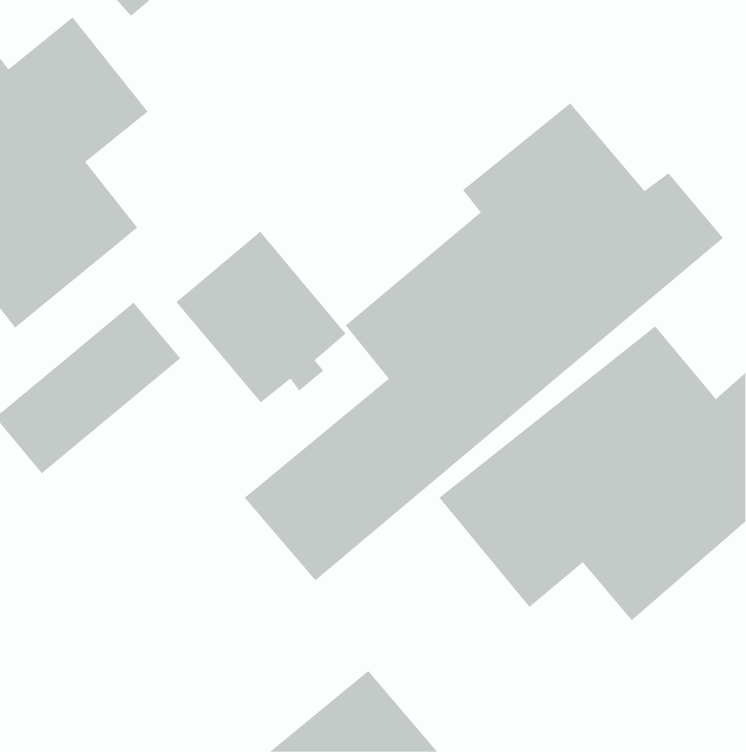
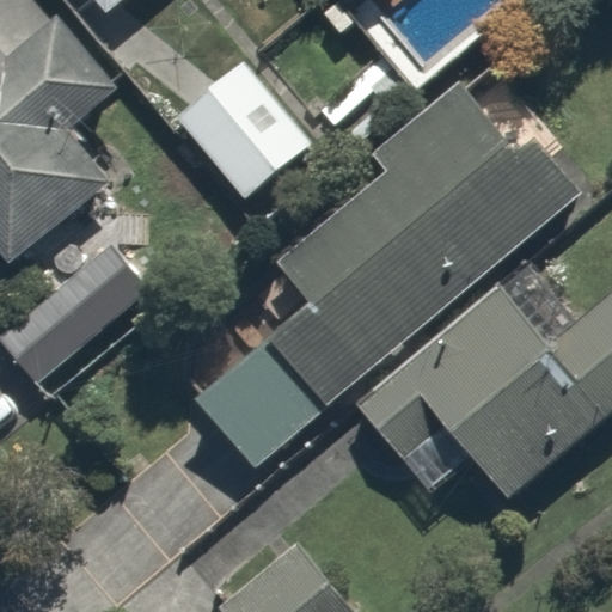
building: [176,231,347,403] -> [175,60,312,198]

